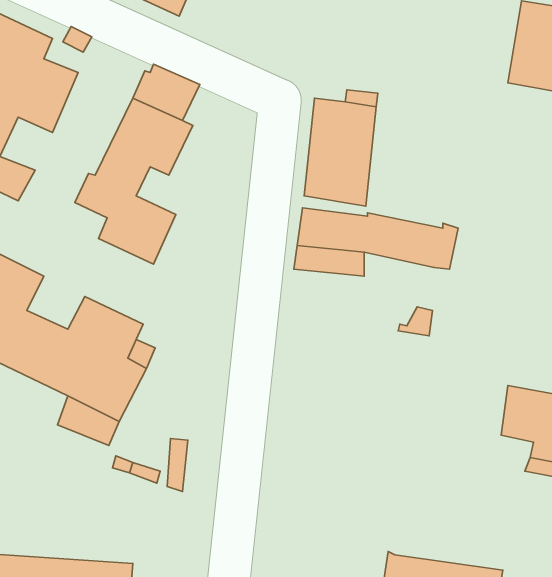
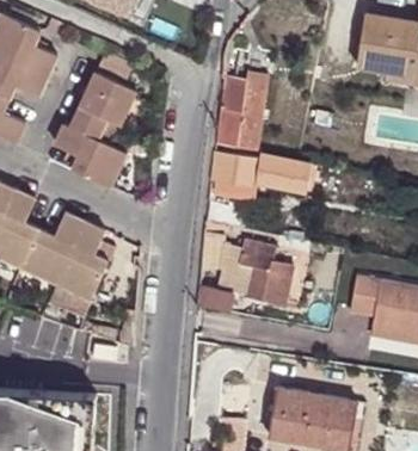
building: none -> [196,235,301,313]

